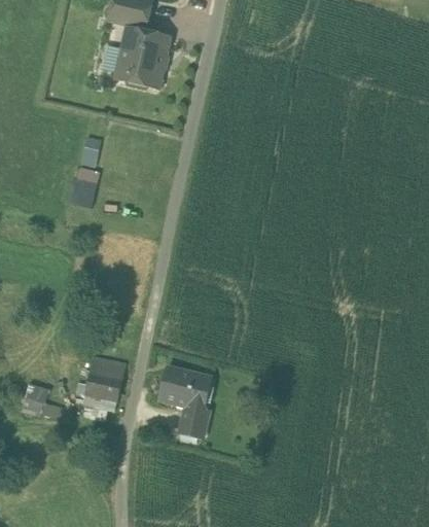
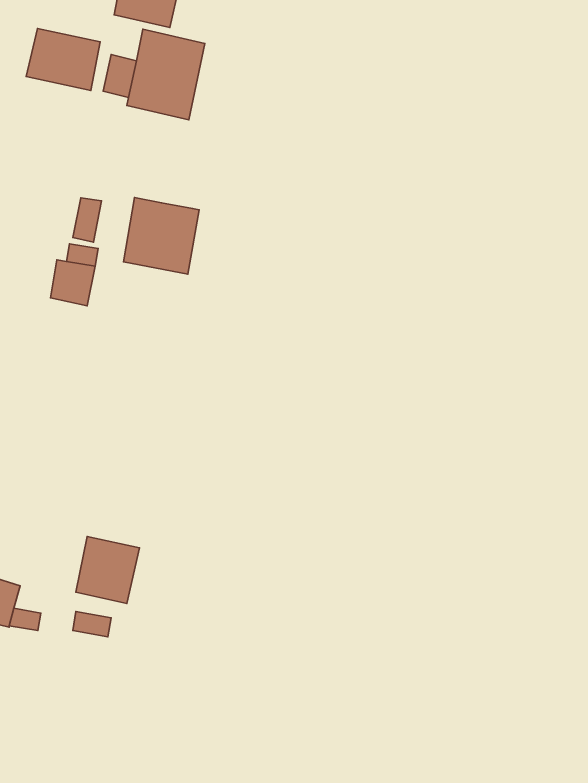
building: none -> [26,28,100,90]
building: none -> [123,197,199,274]
building: [159,367,211,442] -> none

